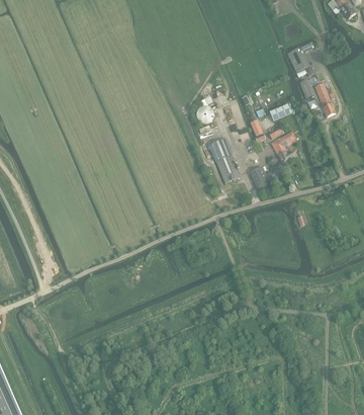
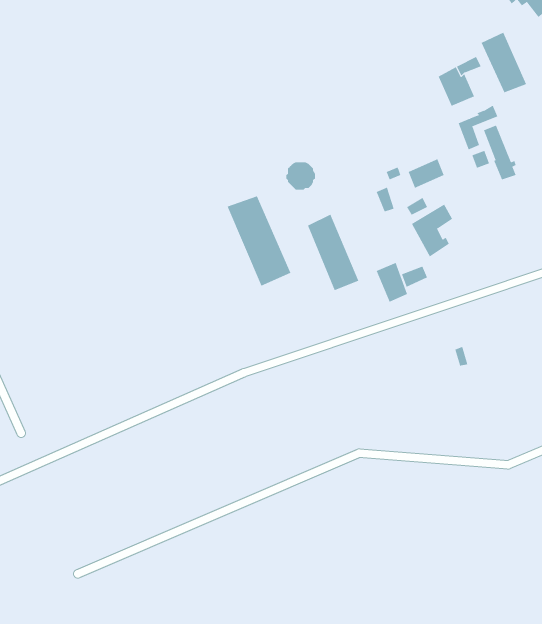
building: none -> [481,32,527,93]
building: none -> [227,195,291,287]

